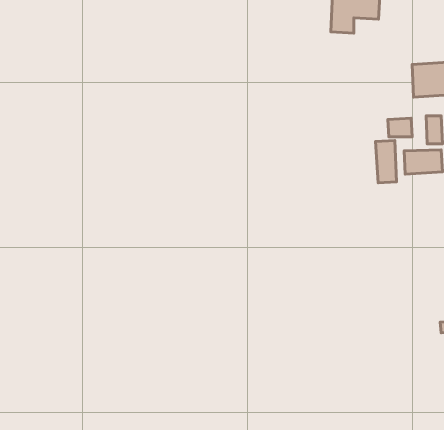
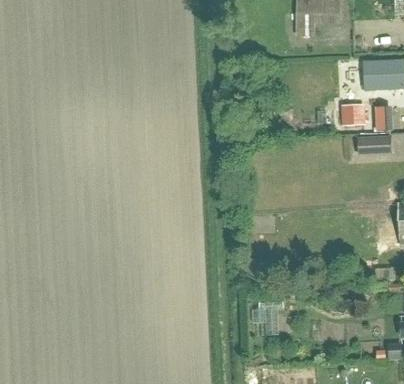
building: [376,140,397,183] -> none

